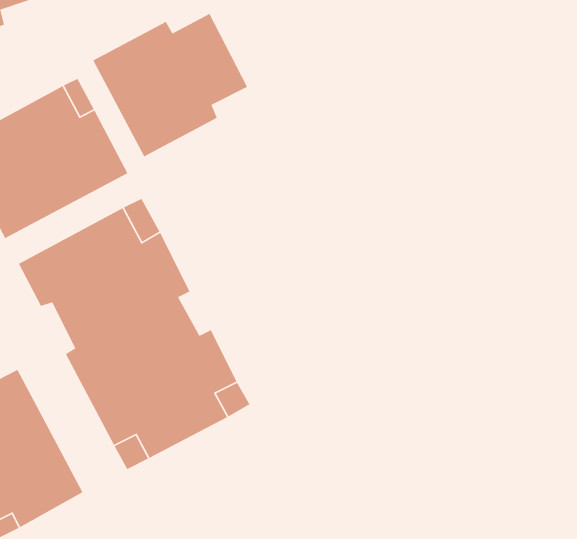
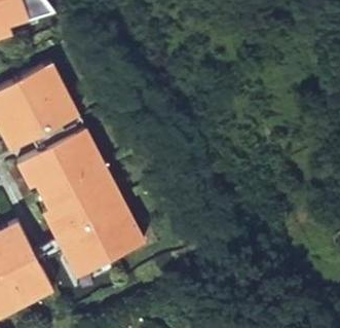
building: [92,13,248,158] -> none

